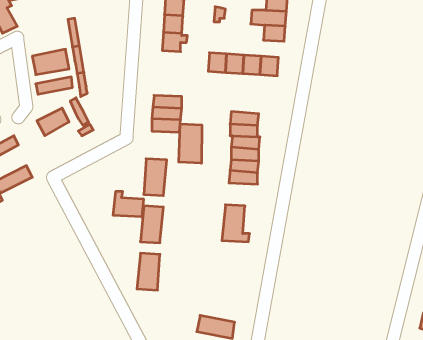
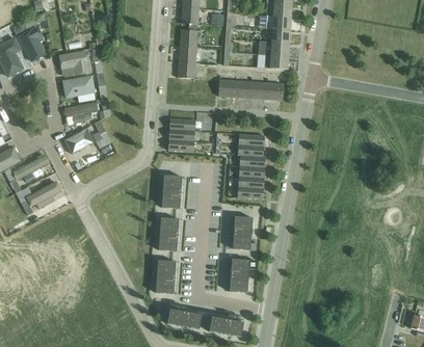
building: none -> [57,51,89,75]
building: [179,124,202,163] -> none
building: [113,191,143,217] -> none
building: none -> [229,259,256,292]
building: none -> [167,309,202,328]

